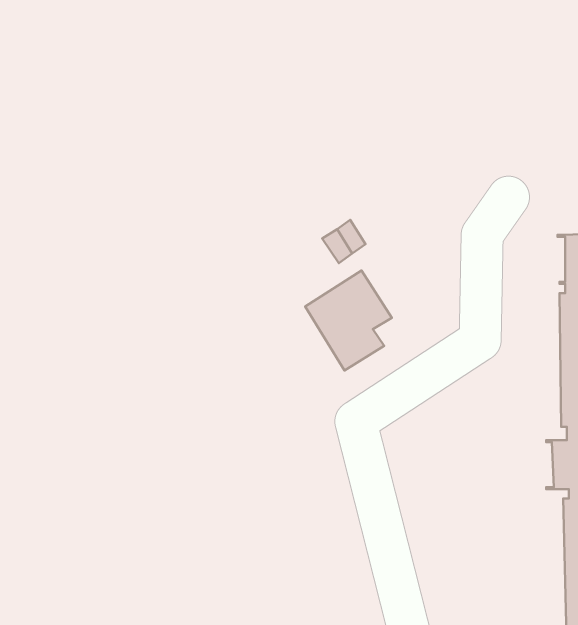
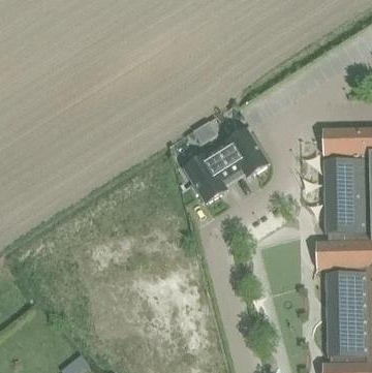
building: none -> [215,129,269,178]

